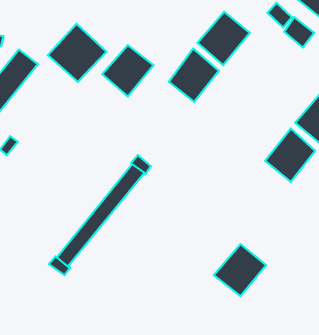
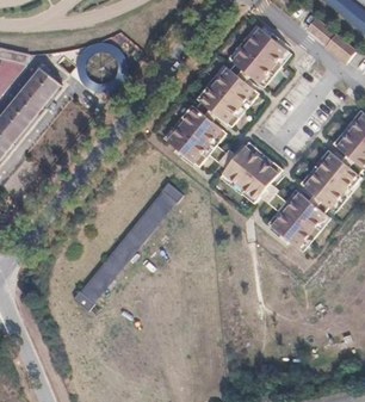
building: [102,45,153,96] -> [167,109,222,163]
building: none -> [222,144,279,199]
building: [214,244,266,296] -> [271,192,327,248]

